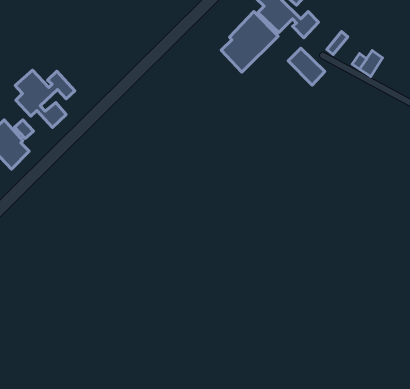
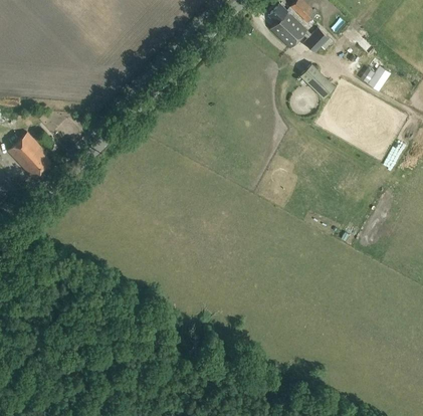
building: [221,12,278,72] -> none
building: [15,70,75,127] -> none

